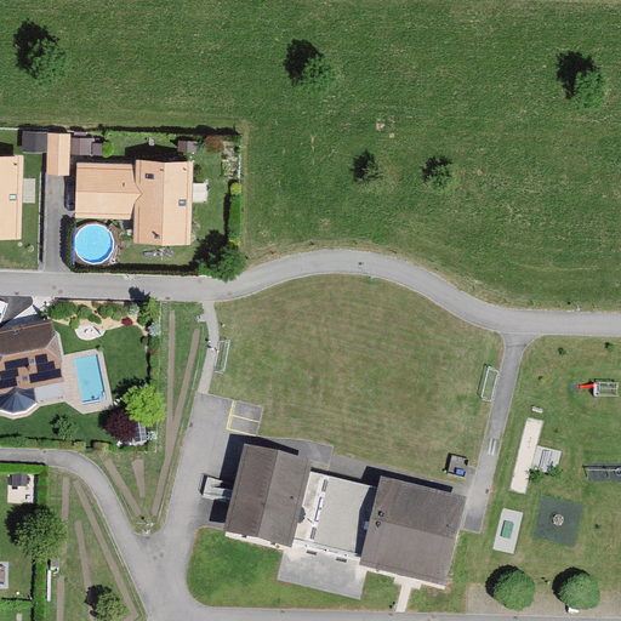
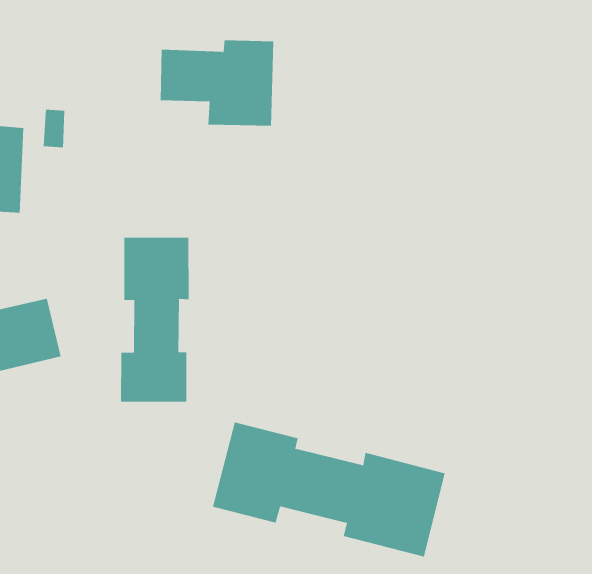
building: [74,147,193,237] -> [160,40,274,126]
building: none -> [121,237,189,402]

